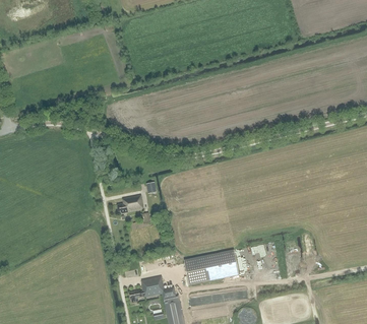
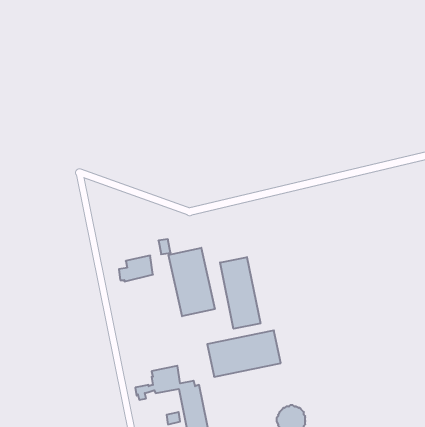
building: none -> [169,248,215,316]
building: none -> [220,257,260,329]

